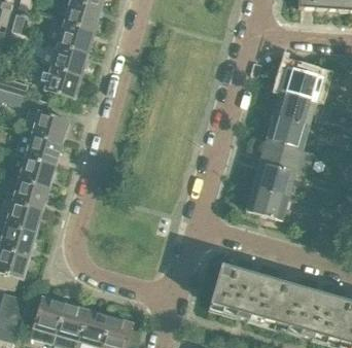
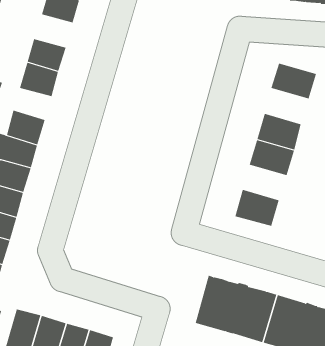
building: [58,20,95,50] -> none
building: [274,89,316,123] -> none
building: [253,161,295,194] -> none

